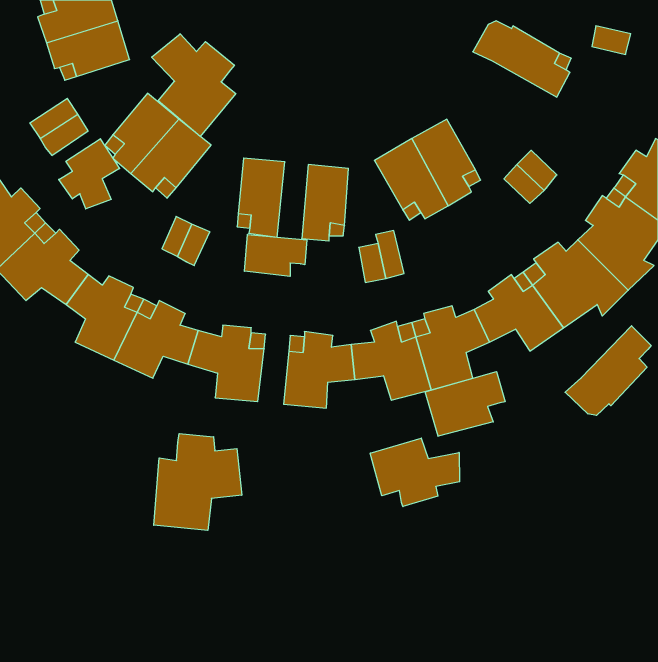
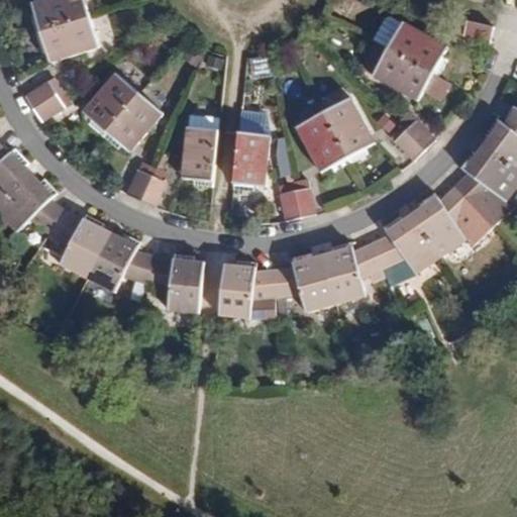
building: [152,34,236,136] -> none
building: none -> [369,47,446,101]
building: [59,139,120,209] -> none
building: [244,234,307,276] -> none
building: [565,326,651,415] -> none
building: [425,372,505,436] -> none
building: [154,434,242,530] -> none
building: [370,438,460,507] -> none

